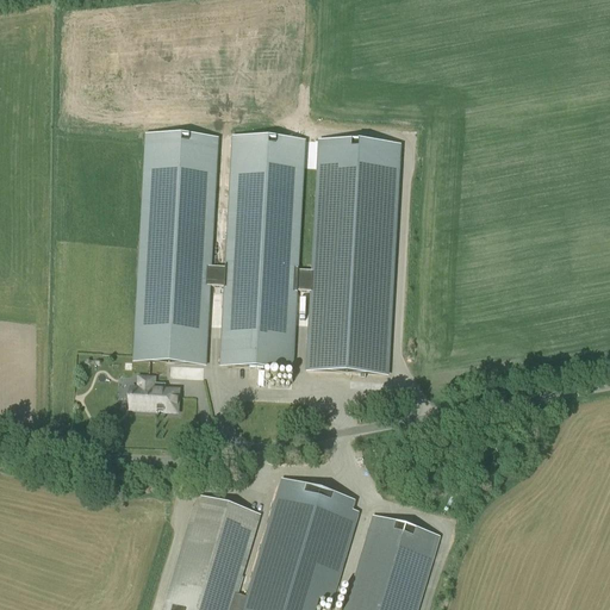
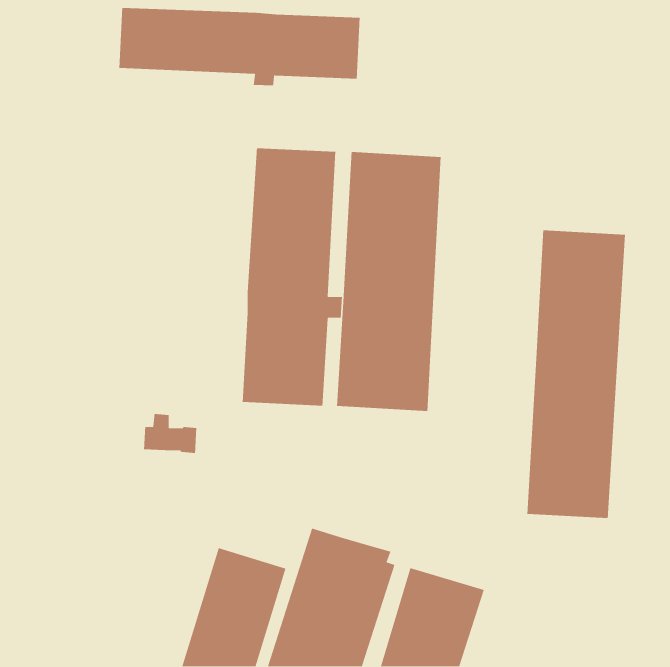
building: none -> [119,7,360,86]
building: [133,131,225,363] -> none
building: none -> [526,230,626,519]

